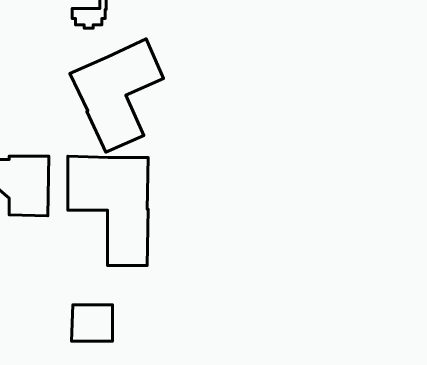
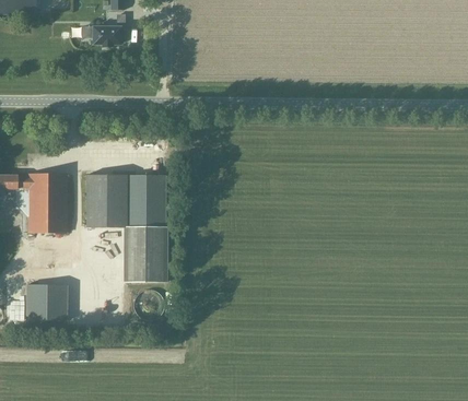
building: [70,39,164,152] -> none
building: [72,305,112,341] -> [25,283,66,319]

